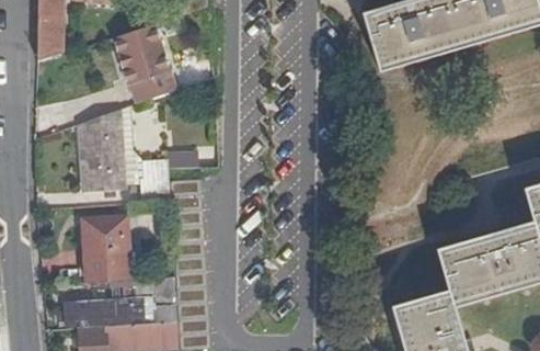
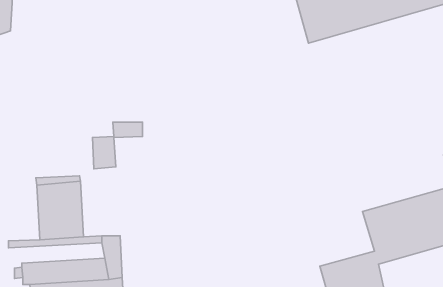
building: [116,27,175,106] -> none
building: [83,109,130,193] -> none

